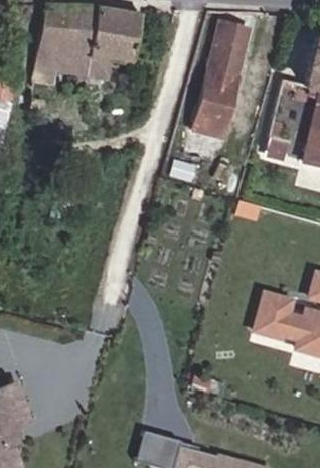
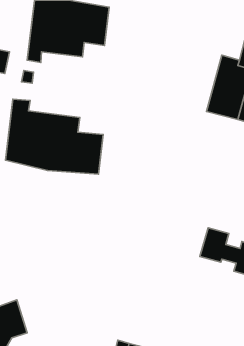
building: [193,18,251,137] -> none
building: none -> [5,99,103,174]

